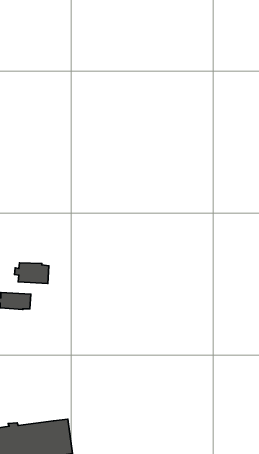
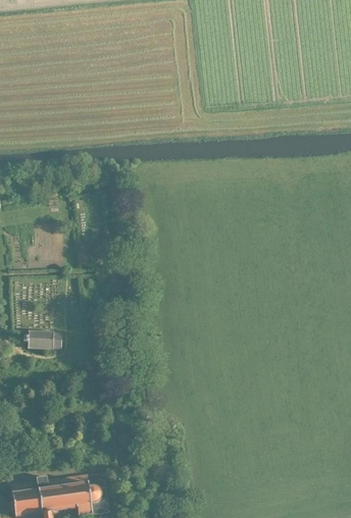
building: [15,263,49,284] -> none

